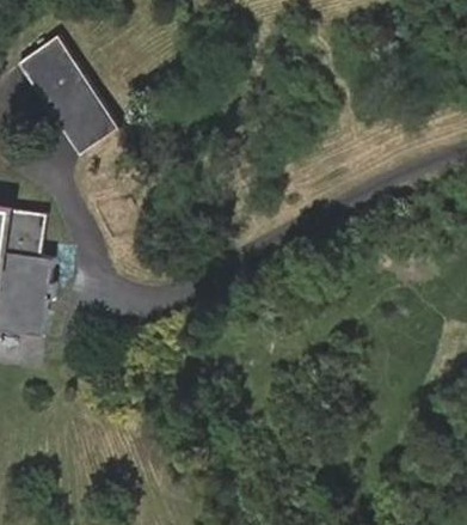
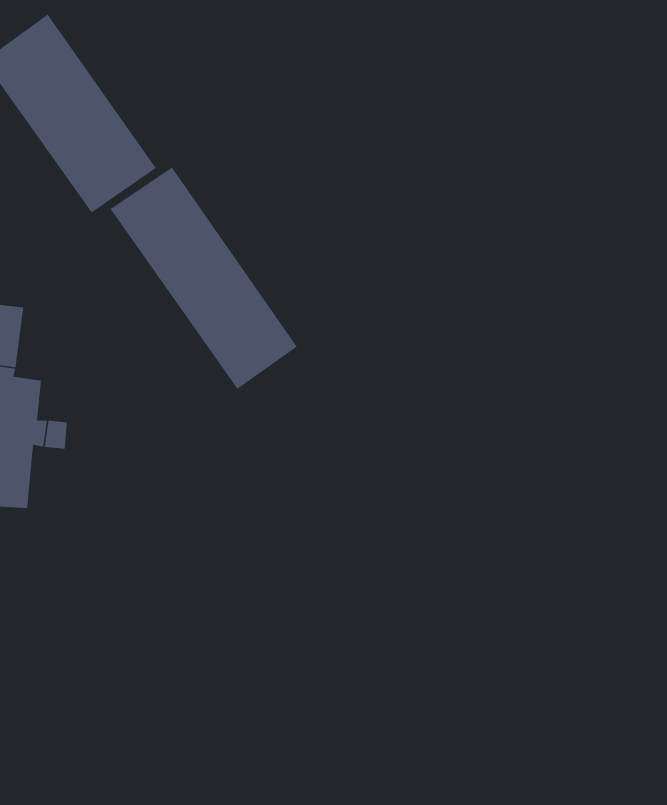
building: none -> [110,167,298,390]

